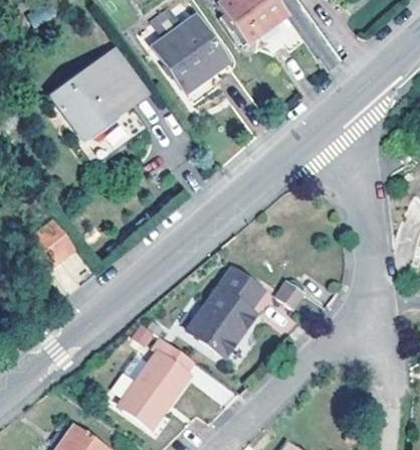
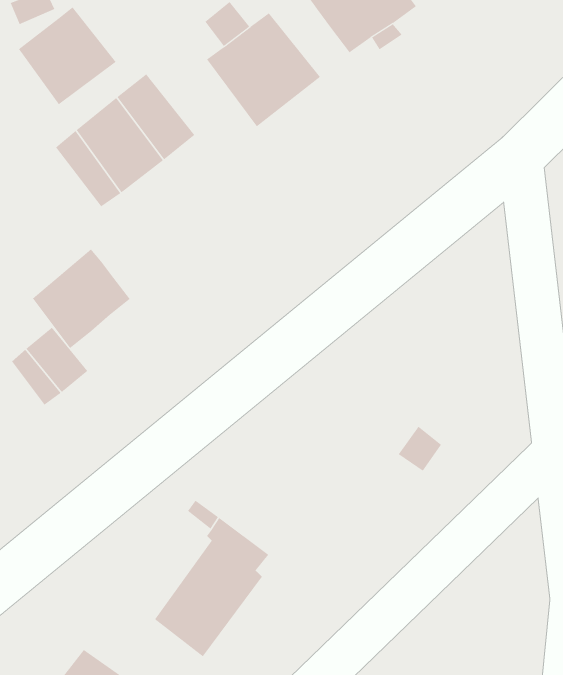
building: none -> [18,6,116,105]
building: none -> [32,248,130,349]
building: [188,268,265,358] -> none

